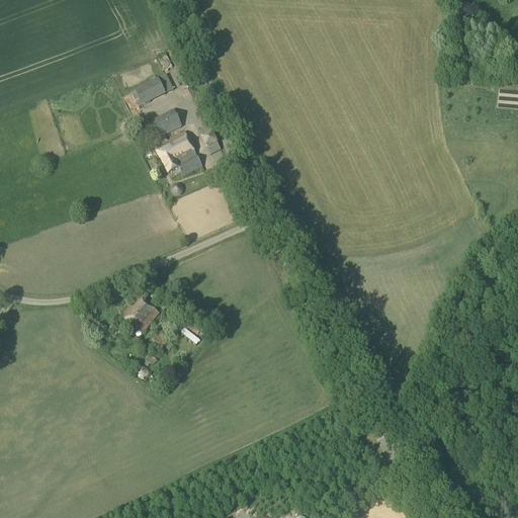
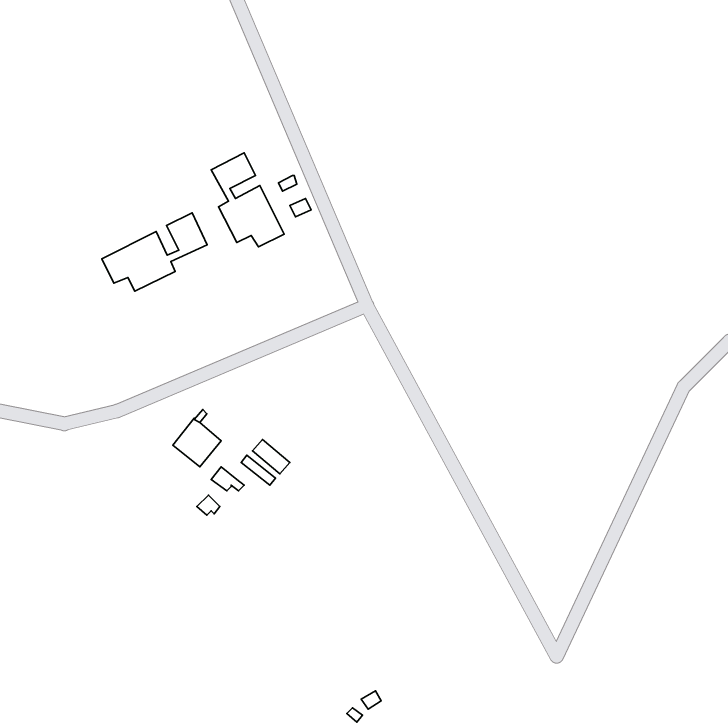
building: [131,77,166,106] -> none
building: none -> [102,213,207,291]

